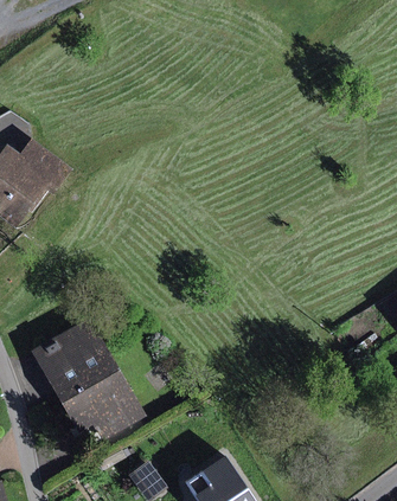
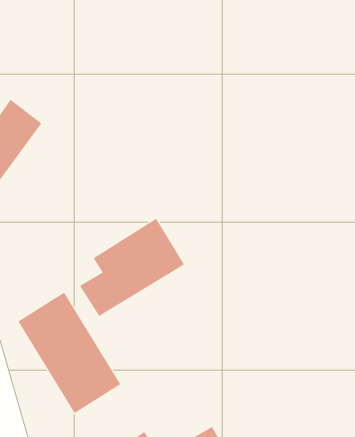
building: none -> [79,218,185,317]

